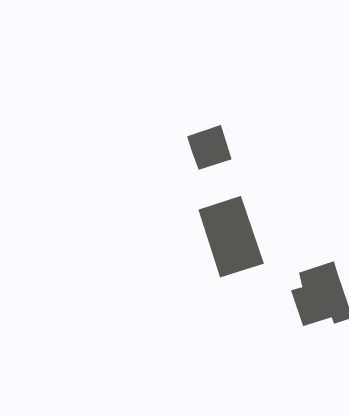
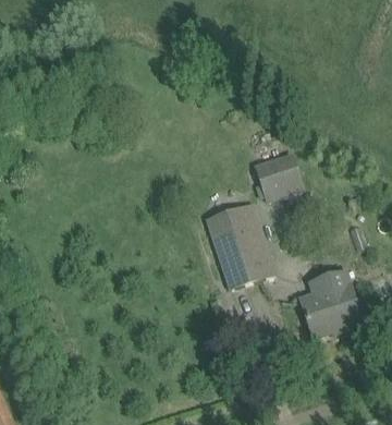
building: [186,124,233,171] -> [256,155,302,201]

